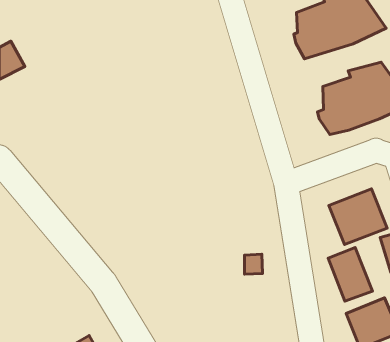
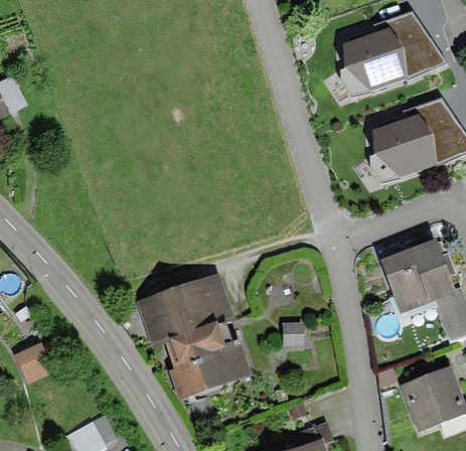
building: none -> [137,273,251,398]
building: [328,247,373,301] -> none
building: none -> [15,343,53,383]

